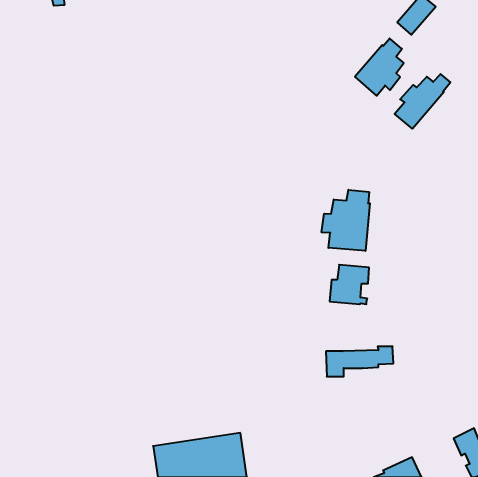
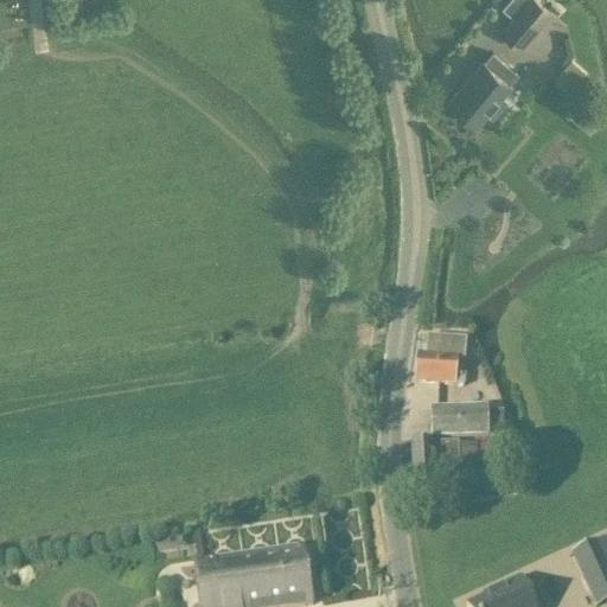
building: [395,74,450,129] -> none
building: [322,190,370,251] -> none
building: none -> [433,405,505,436]

